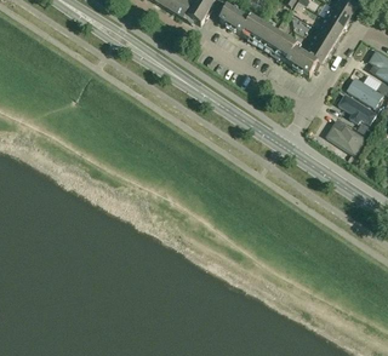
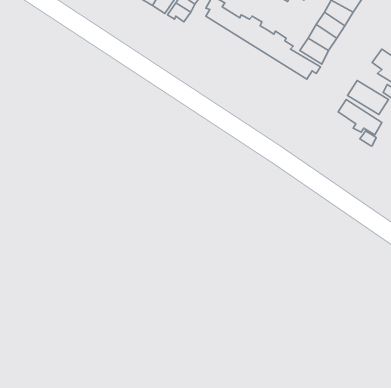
building: [324,125,363,154] -> none

